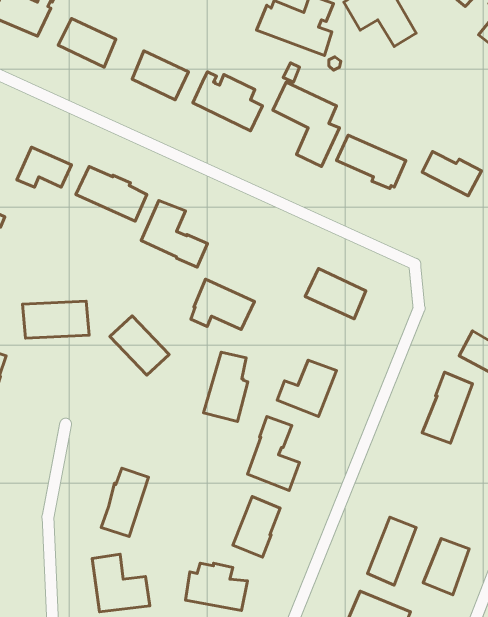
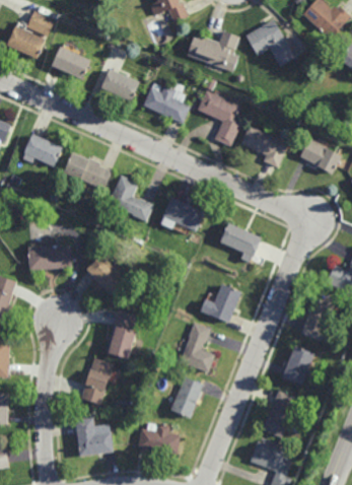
building: [191,279,254,329] -> [161,195,205,229]
building: [203,352,248,422] -> [105,309,136,357]
building: [423,539,469,595] -> [282,346,313,385]

